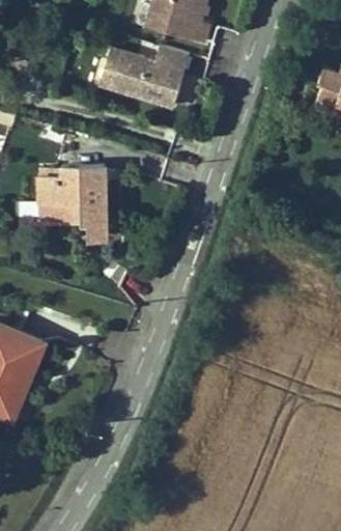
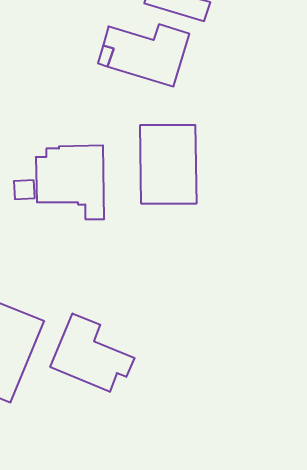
building: none -> [140,125,196,204]
building: none -> [50,313,135,392]

